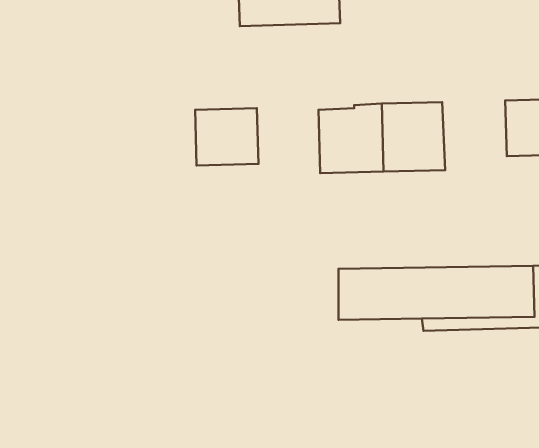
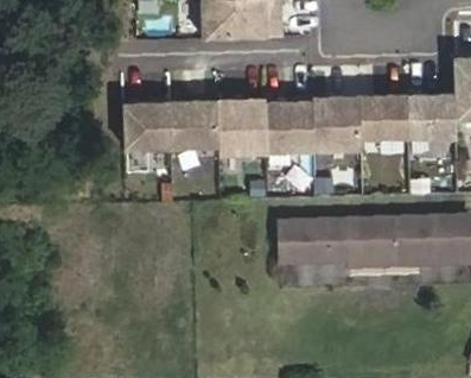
building: none -> [357,95,407,149]
building: none -> [215,100,263,152]
building: none -> [120,102,168,146]

